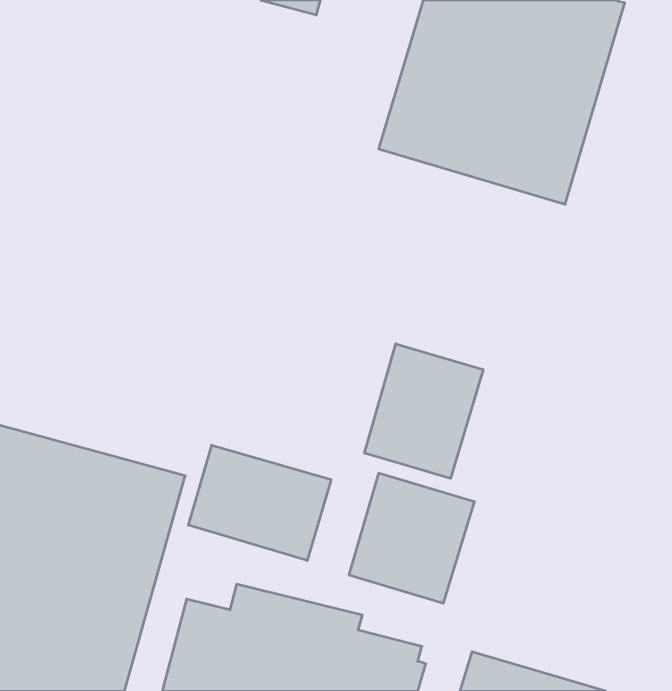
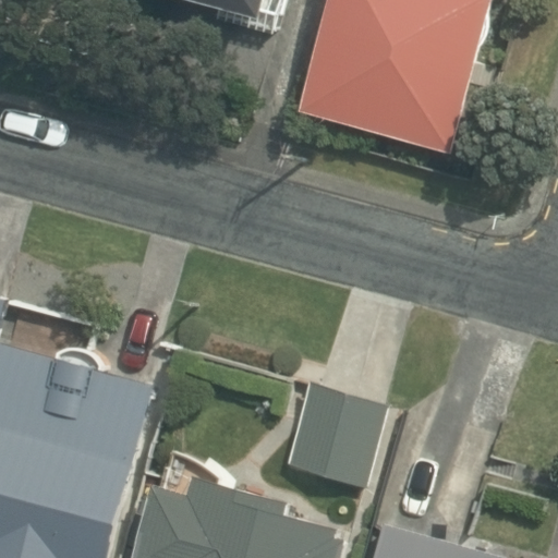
building: [365,344,483,478] -> none
building: [188,445,331,561] -> none

